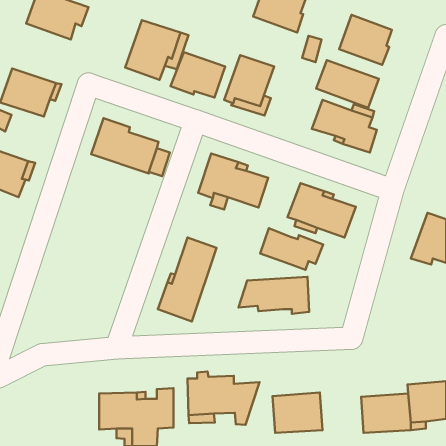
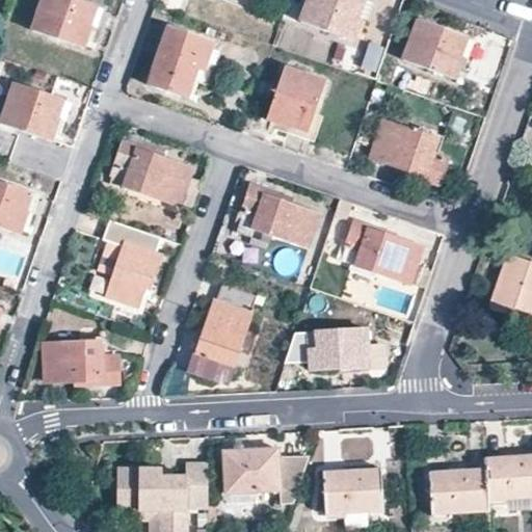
building: [171,52,225,97] -> none
building: [316,60,379,108] -> none
building: none -> [102,220,160,309]
building: [260,228,323,270] -> none
building: none -> [44,341,121,384]

